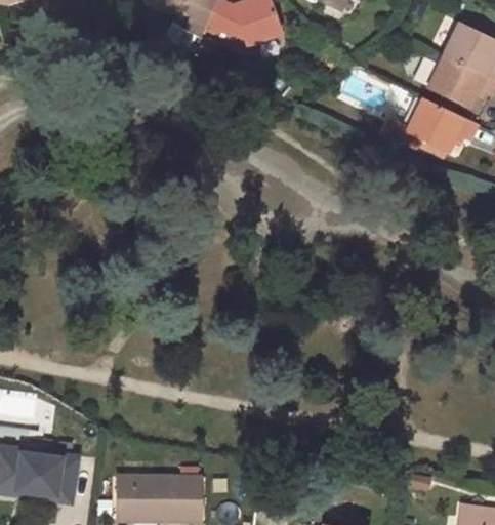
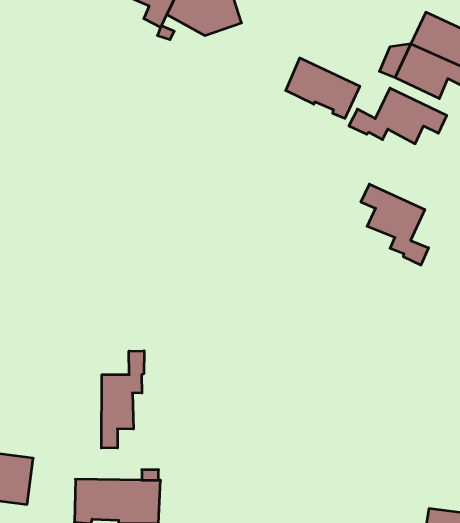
building: none -> [286,58,360,118]
building: none -> [361,184,429,265]
building: none -> [101,351,144,448]

